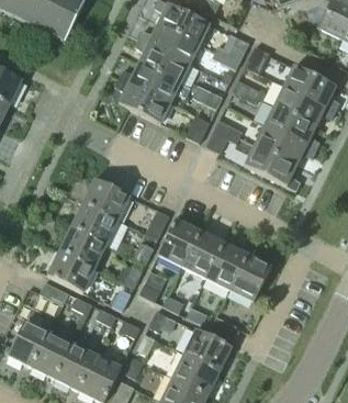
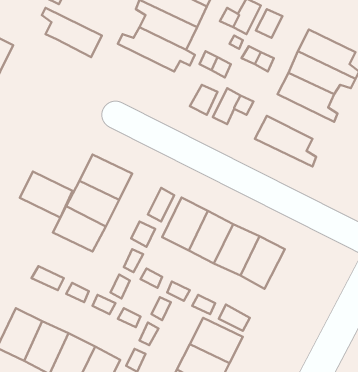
building: [115,77,170,122] -> [42,8,102,57]
building: [255,123,316,164] -> none
building: [47,249,96,291] -> [20,172,73,217]

